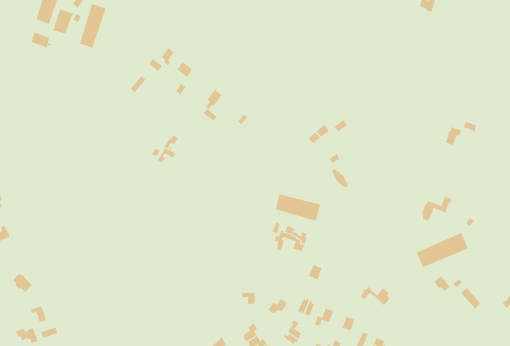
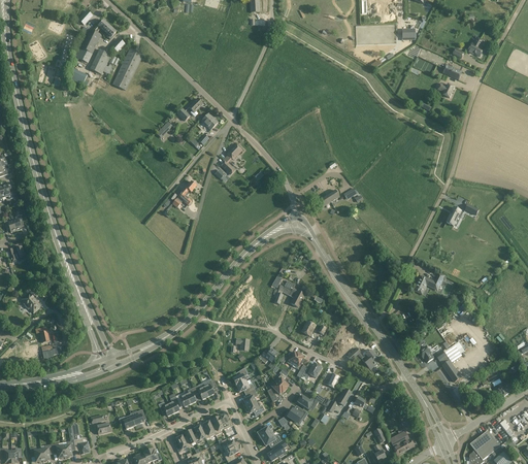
building: [275,193,321,222] -> none
building: [416,232,468,268] -> none

